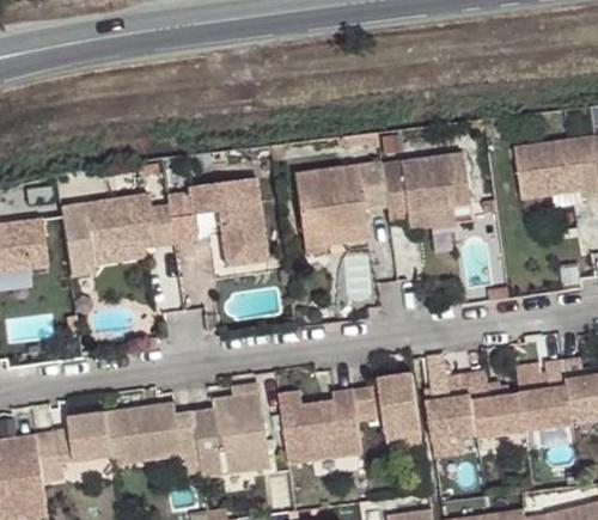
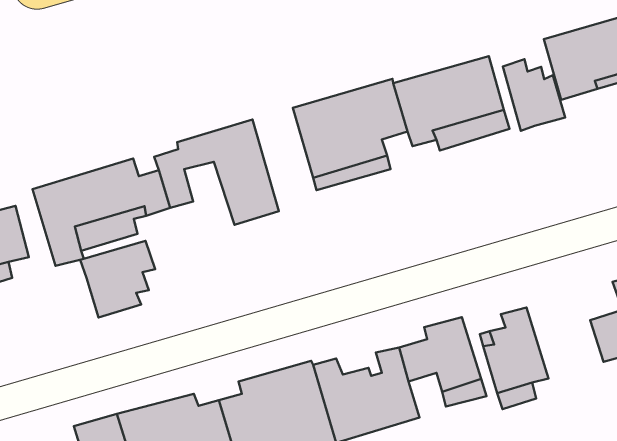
building: none -> [503,59,565,131]
building: none -> [80,241,155,318]
building: [466,371,525,435] -> none

